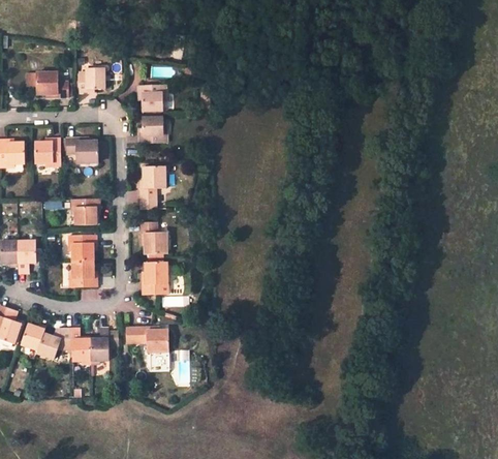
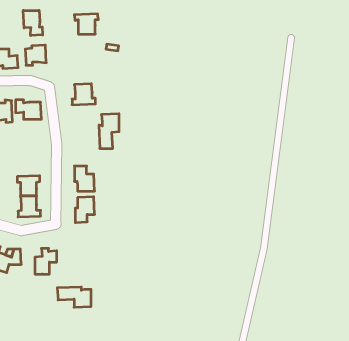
building: none -> [23,10,43,36]
building: [135,85,166,111] -> [74,14,98,34]
building: [138,165,164,210] -> [99,114,119,148]
building: [71,198,99,225] -> none
building: [124,327,167,353] -> [57,287,91,307]
building: [71,329,90,362] -> none

